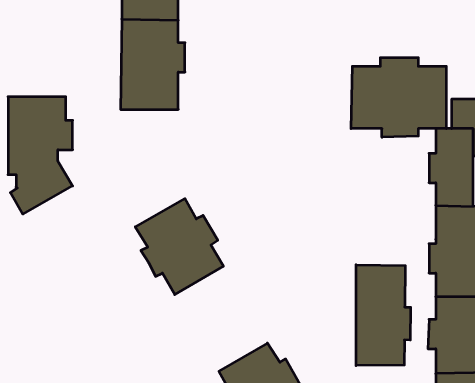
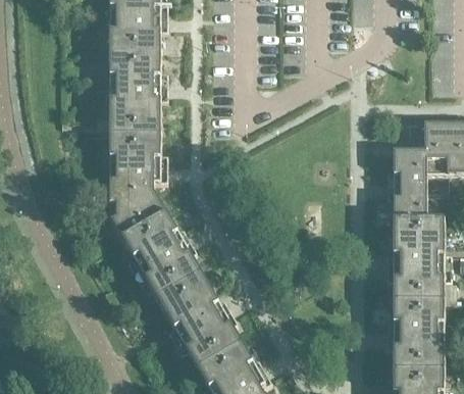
building: [351,58,446,137] -> none
building: [8,97,73,214] -> [109,132,167,238]
building: [356,265,411,366] -> none
building: none -> [158,274,242,368]

